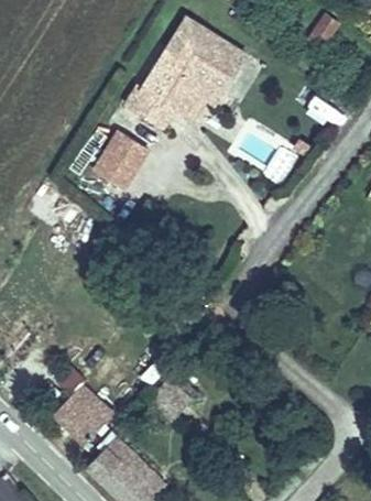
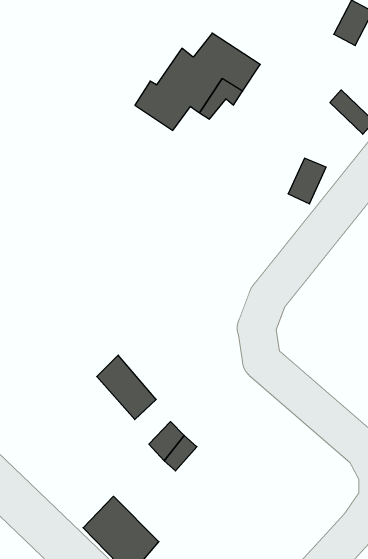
building: [172,20,249,66] -> none
building: [88,128,149,190] -> none
building: [46,381,98,437] -> [97,355,156,420]

